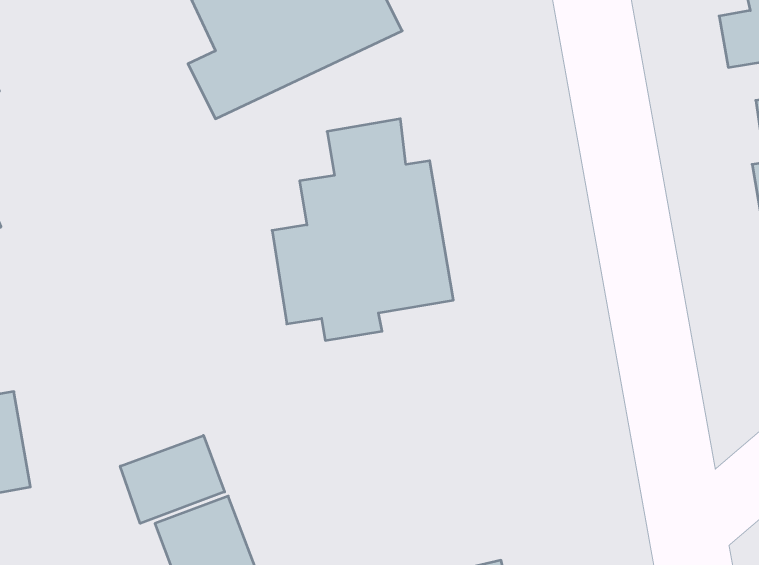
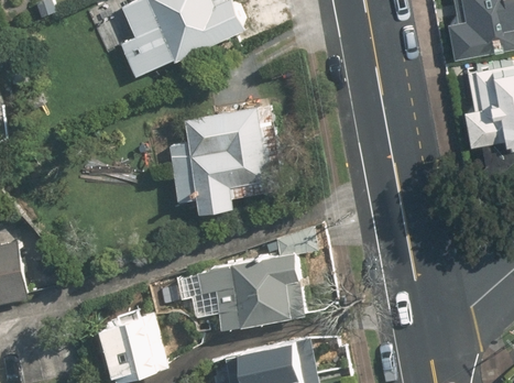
building: none -> [177,251,309,333]
building: [120,435,225,523] -> none

